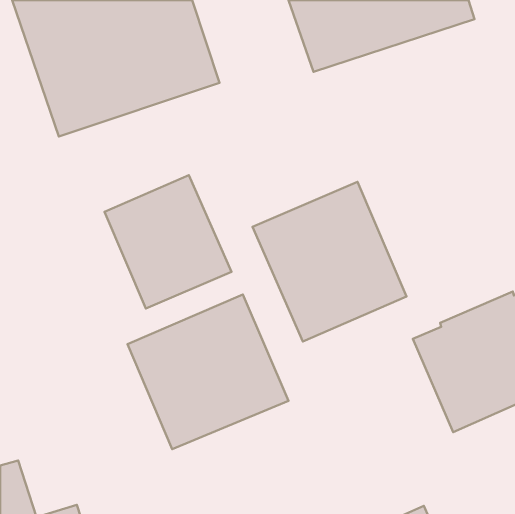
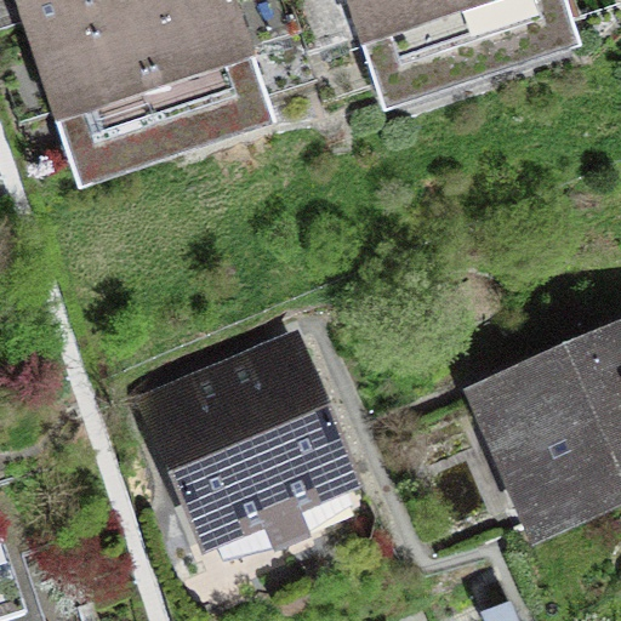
building: [104,175,231,309] -> none
building: [253,182,407,342] -> none

